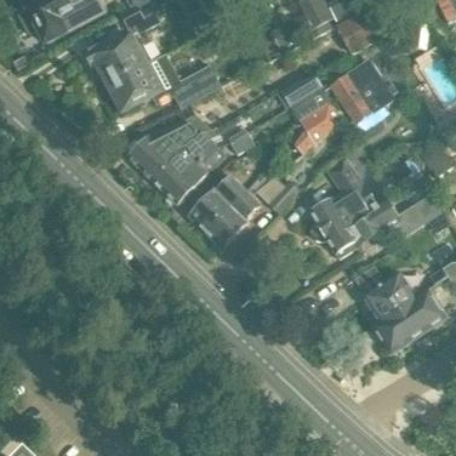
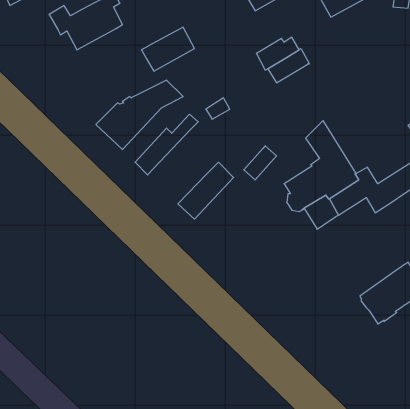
building: [108,52,181,112] -> none
building: [329,56,395,132] -> none
building: [295,97,342,149] -> none
building: [152,132,216,192] -> none
building: [188,175,244,232] -> none
building: [363,273,414,320] -> none

